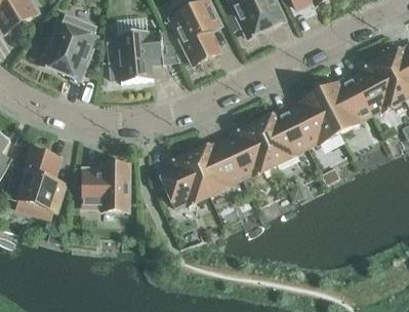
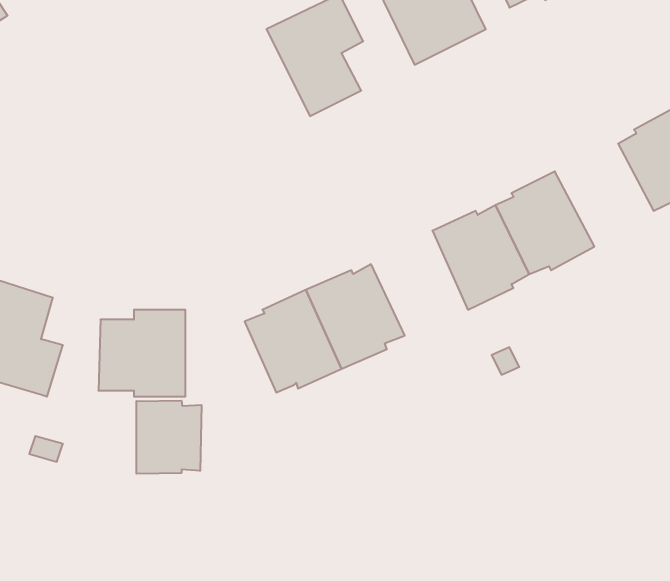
building: [42,13,96,78] -> none
building: [107,30,176,82] -> none
building: [320,78,371,131] -> none
building: [224,123,275,178] -> none
building: none -> [136,401,201,474]

